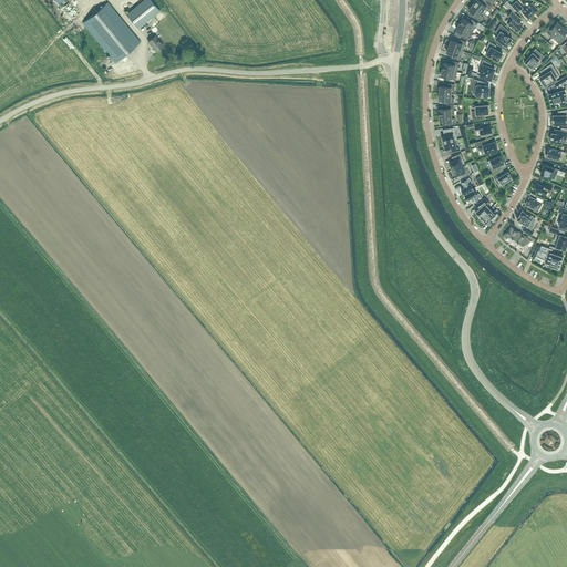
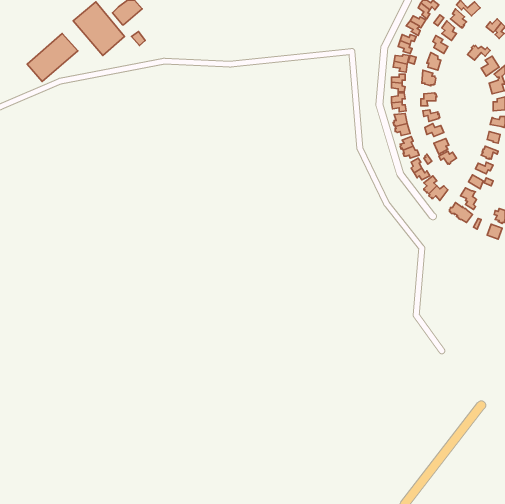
building: none -> [27,33,78,82]

